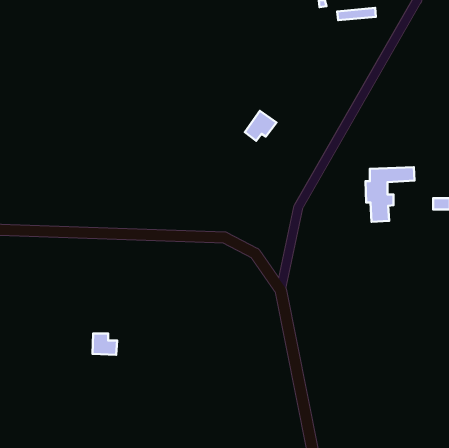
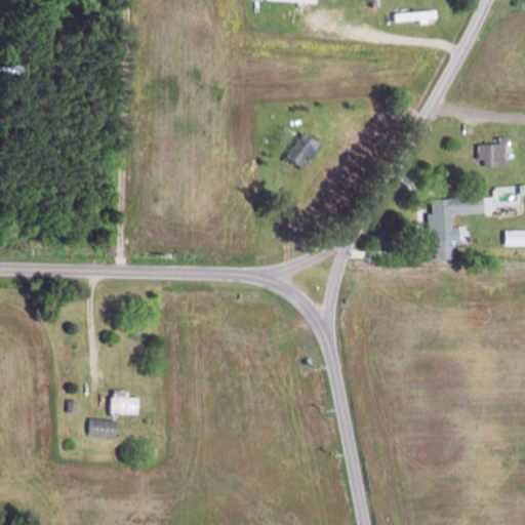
building: none -> [478,136,510,166]
building: none -> [88,419,116,438]

